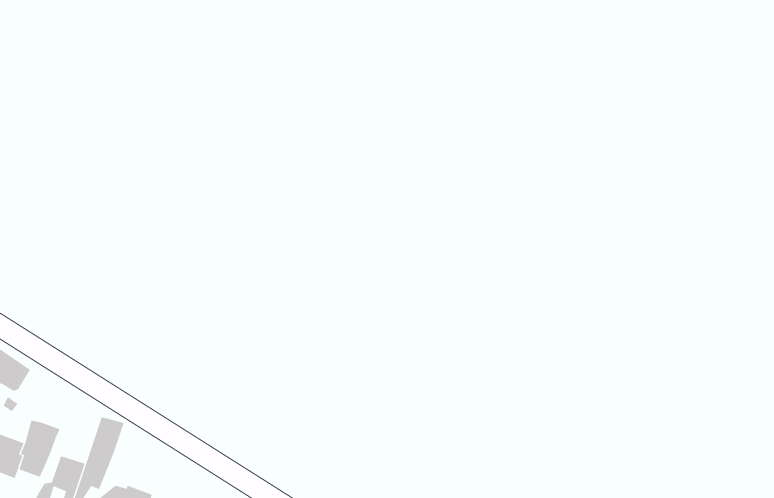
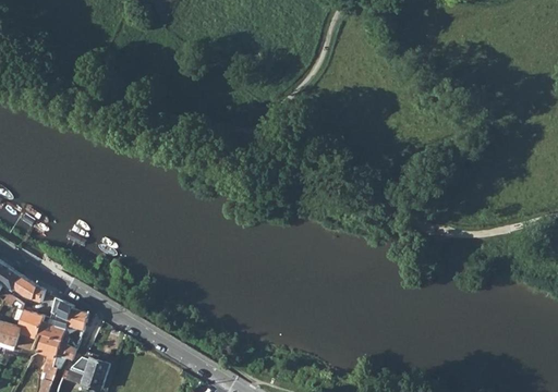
building: none -> [13,277,45,304]
building: none -> [37,296,73,342]

